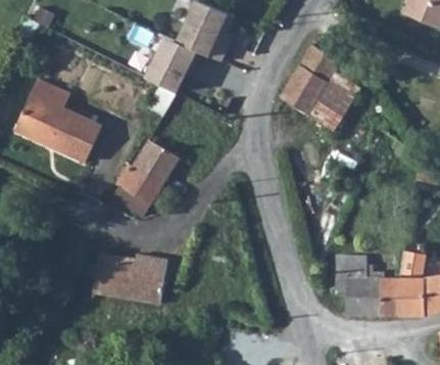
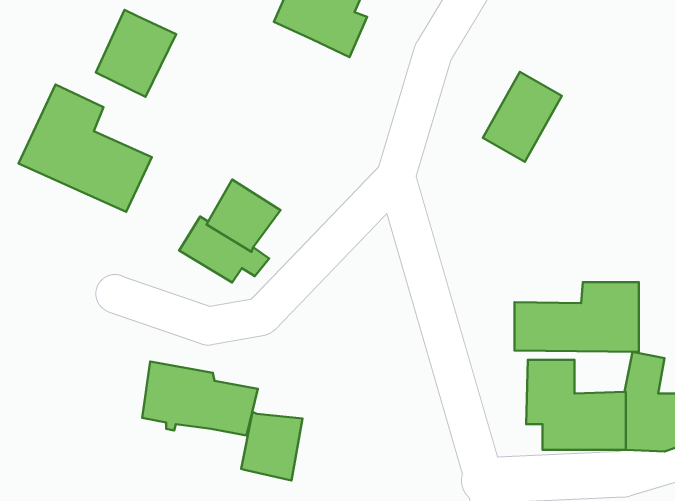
building: [149,37,200,92] -> [96,10,176,97]
building: [277,43,339,115] -> none
building: none -> [514,282,639,352]
building: none -> [241,412,303,481]

